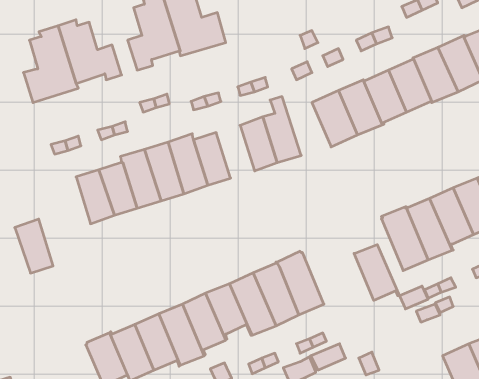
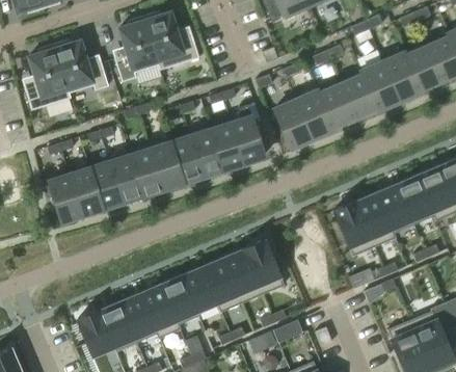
building: none -> [190,130,223,176]
building: [15,219,53,273] -> [48,175,81,221]
building: [354,245,399,300] -> none

